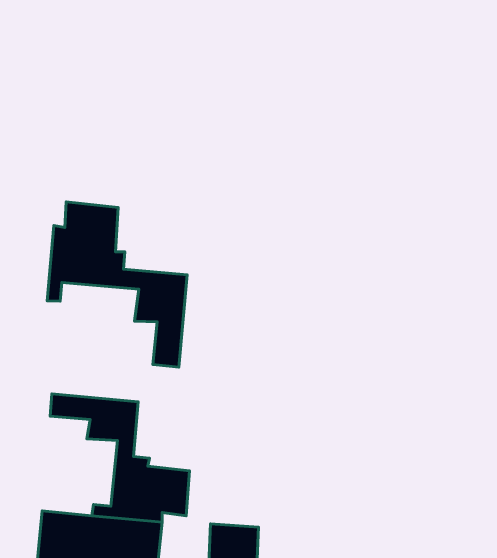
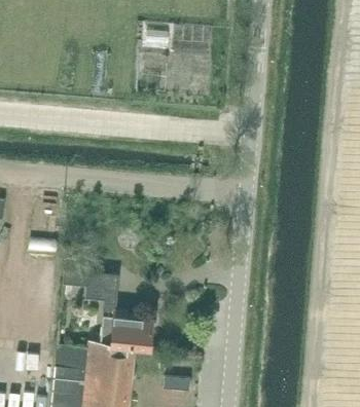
building: [47,202,187,367] -> none

